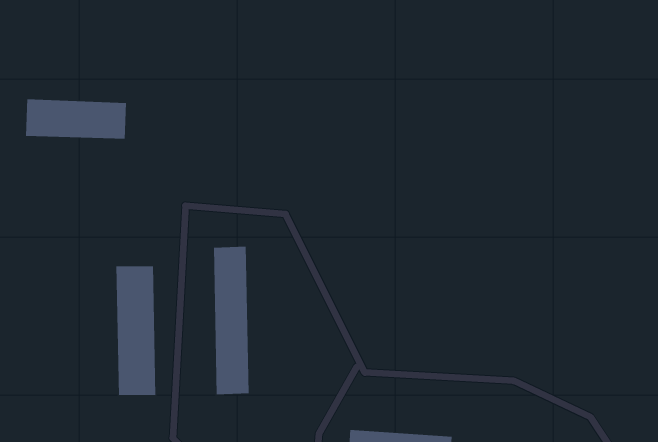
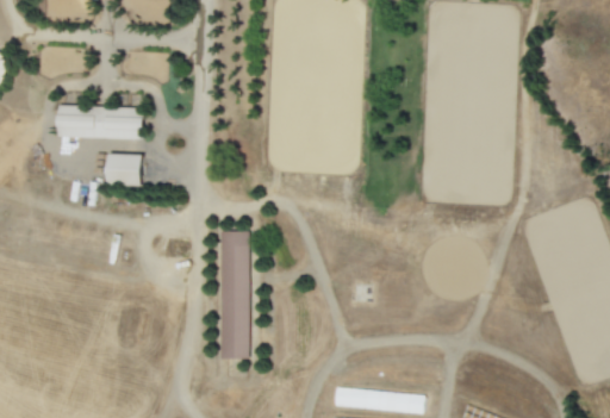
building: none -> [107,154,142,186]
building: [116,265,156,396] -> none

